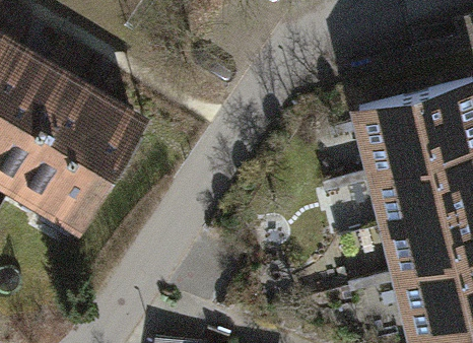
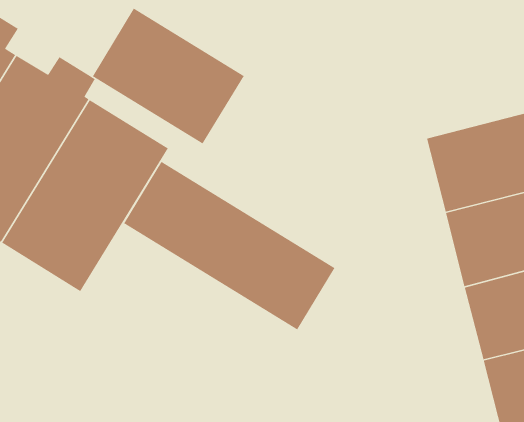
building: none -> [92,8,245,145]
building: none -> [123,161,335,331]

